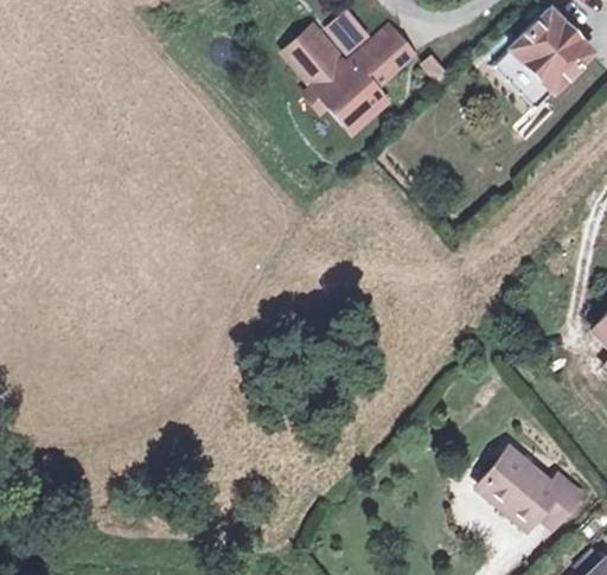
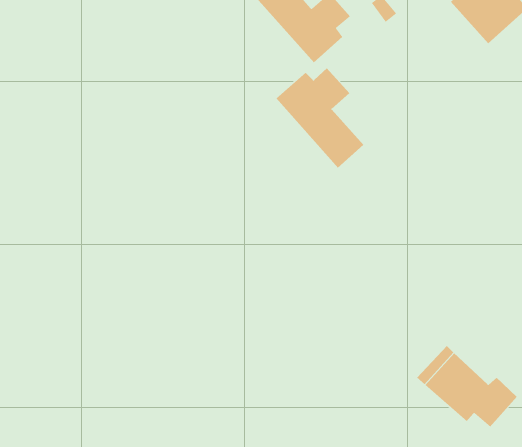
building: none -> [276,67,364,169]

